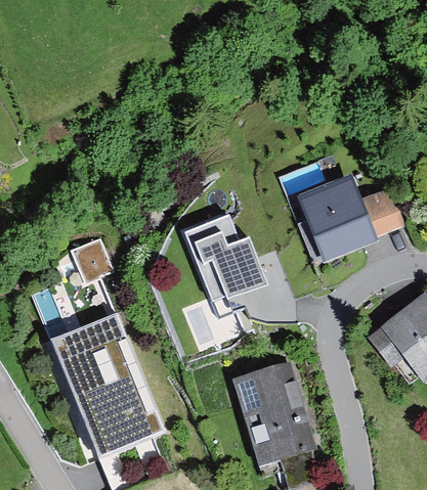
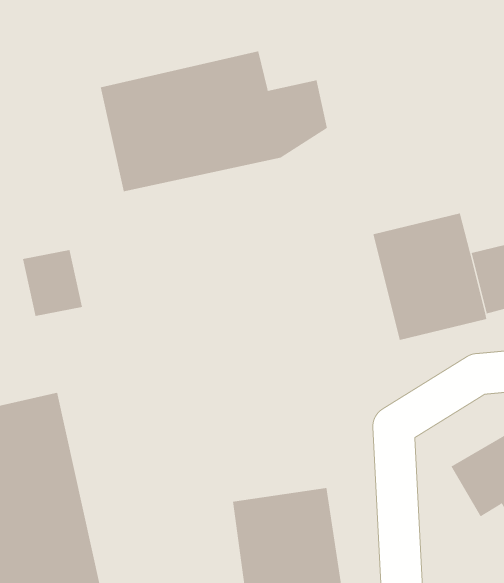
building: none -> [100,50,328,192]
building: [179,210,269,306] -> none

